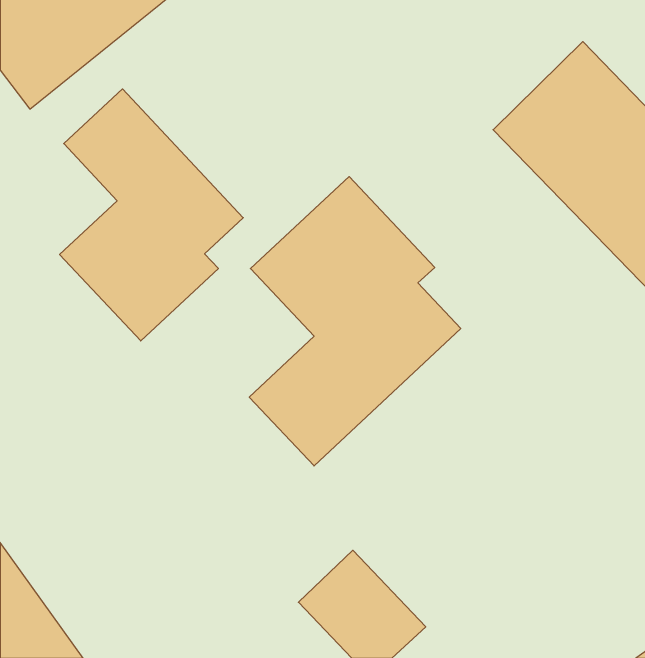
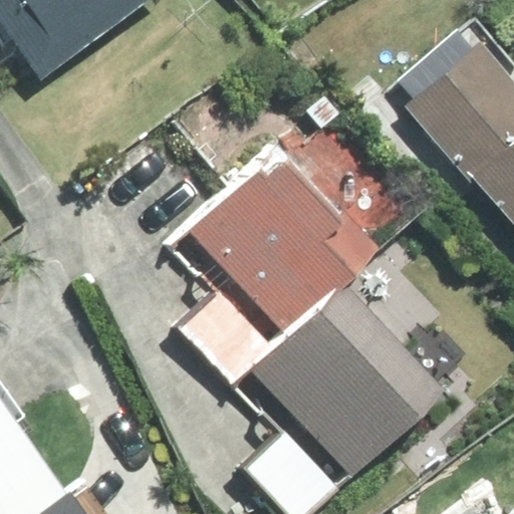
building: [60,89,243,341] -> none
building: none -> [247,283,446,481]

